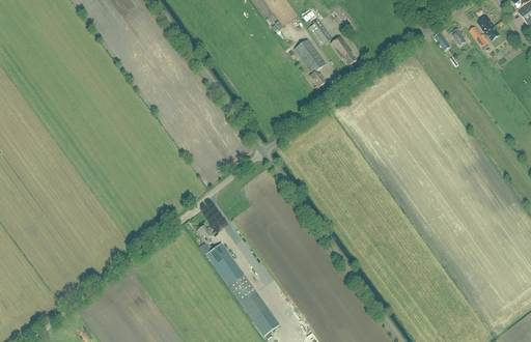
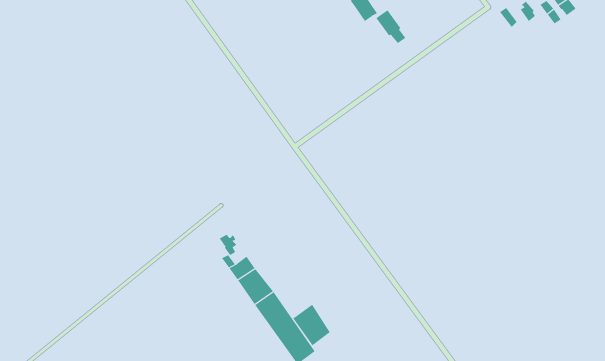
building: [294,37,326,85] -> none
building: none -> [292,304,330,346]

